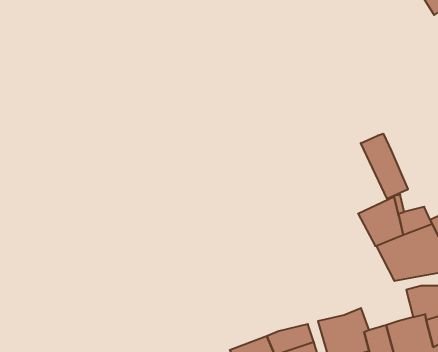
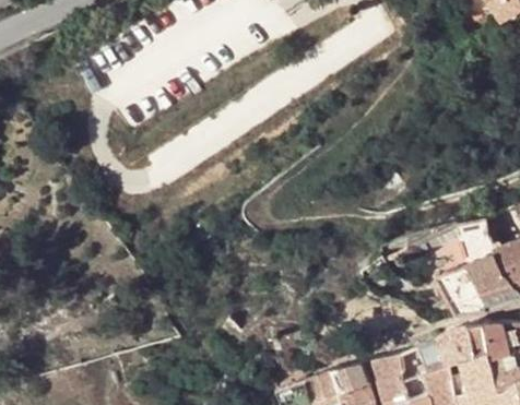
building: [361,134,408,199] -> none
building: none -> [419,327,476,371]

